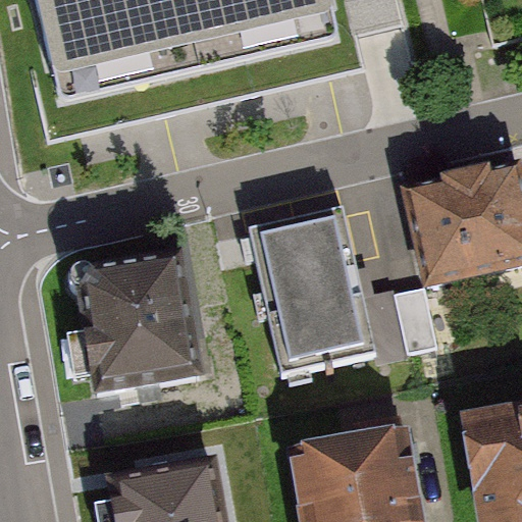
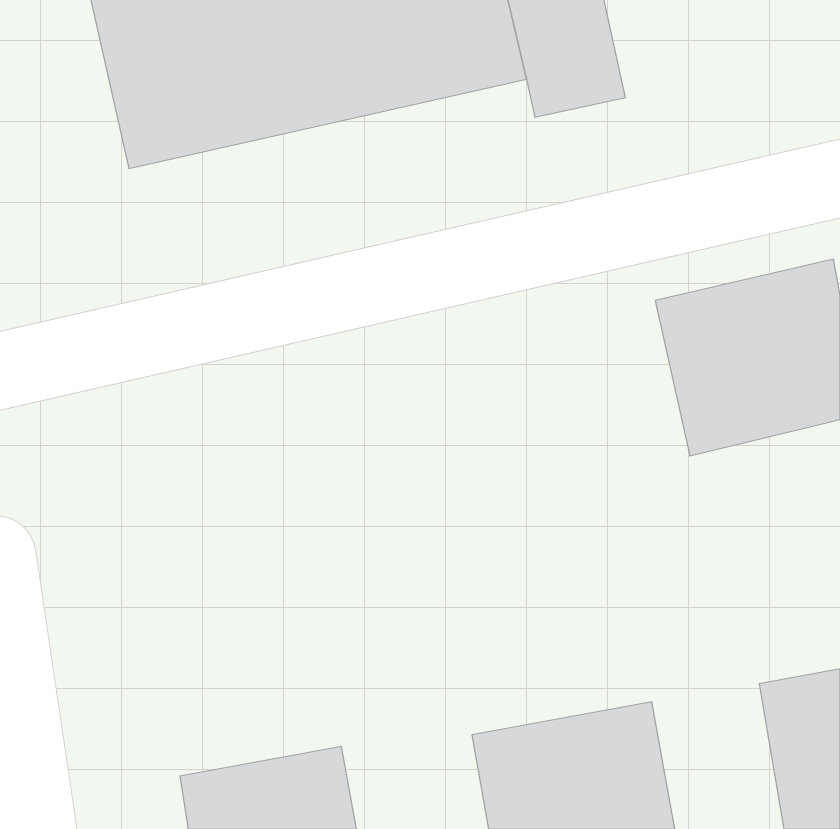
building: [247,206,437,372] -> none
building: [68,254,196,388] -> none

